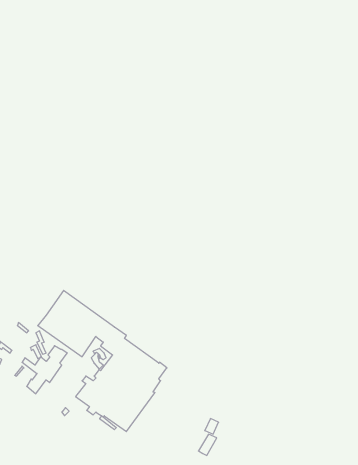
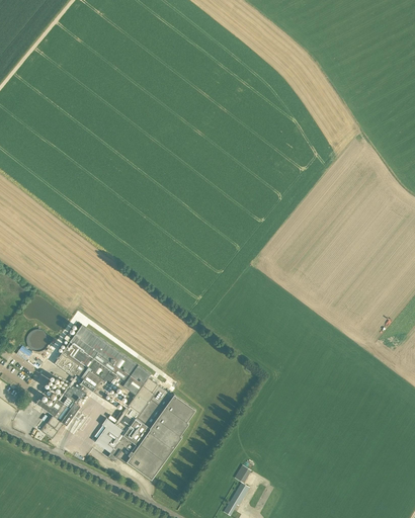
building: none -> [25,328,48,350]

